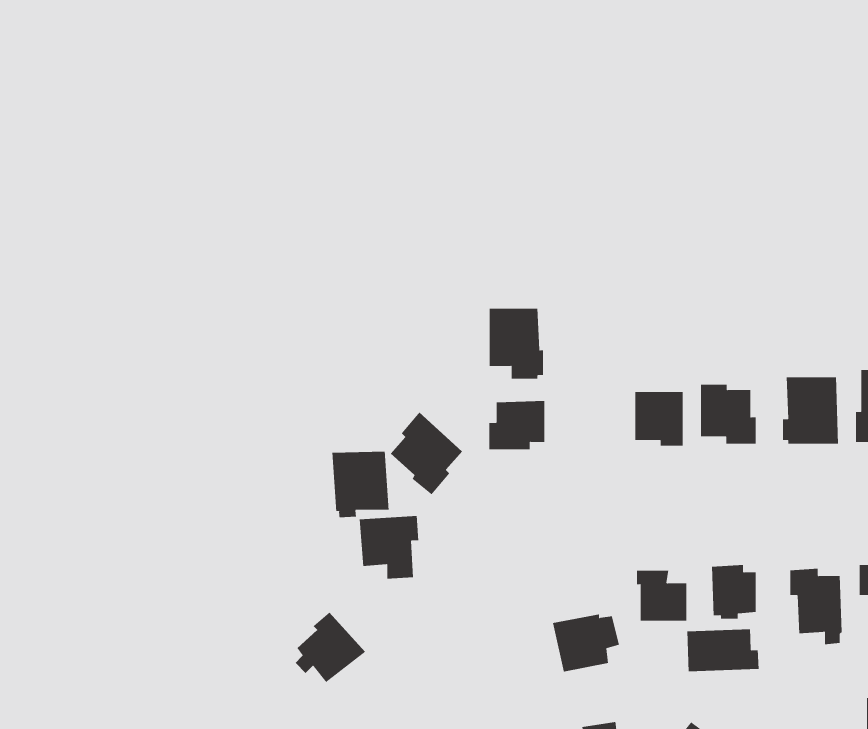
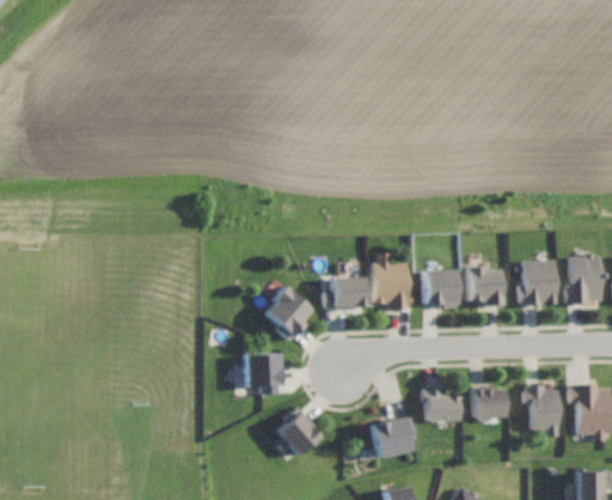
building: [489,308,544,379] -> [375,262,411,309]
building: [332,451,389,518] -> none
building: [295,612,366,683] -> [275,409,322,456]
building: [687,628,759,672] -> none

